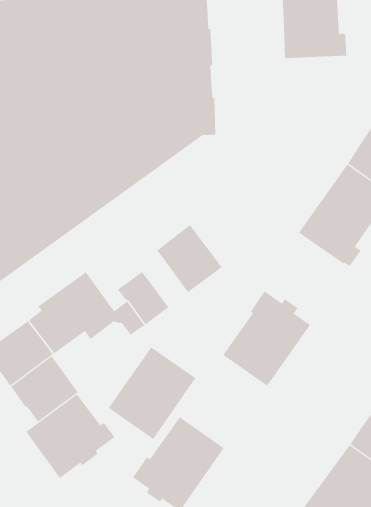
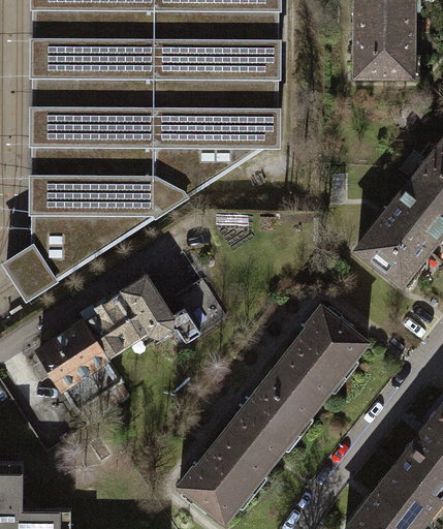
building: [156,224,222,293] -> none
building: [108,346,196,440] -> [226,368,316,461]
building: [25,394,115,479] -> none

